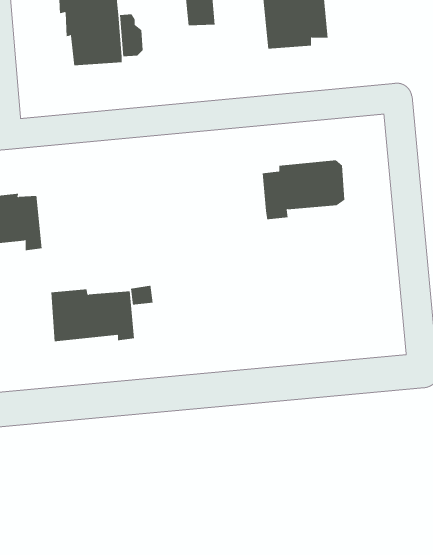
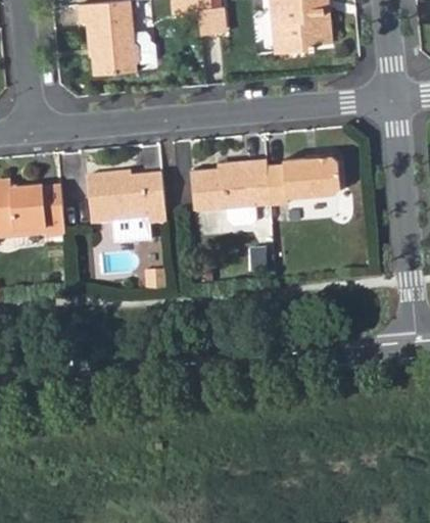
building: none -> [188,155,270,224]
building: [51,289,135,342] -> [88,172,165,221]

